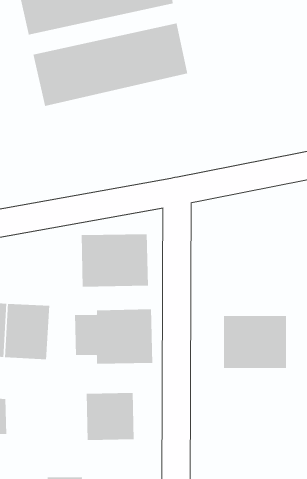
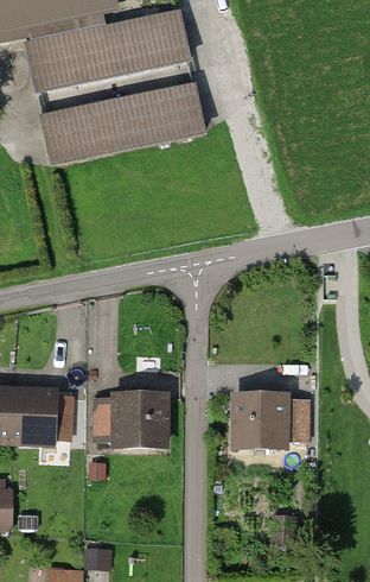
building: [81,233,149,287] -> none
building: [86,392,135,441] -> none

